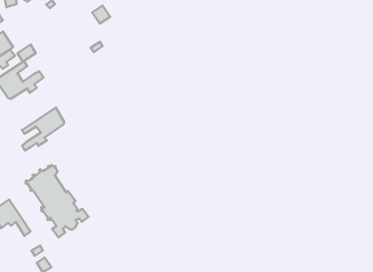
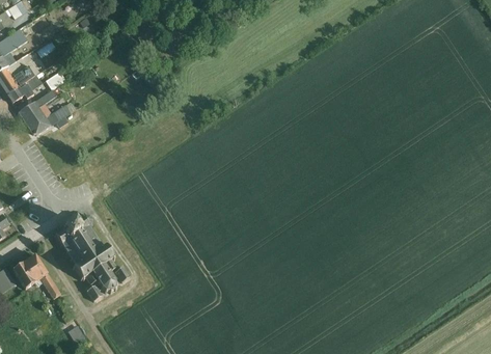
building: [22,107,64,150] -> none

